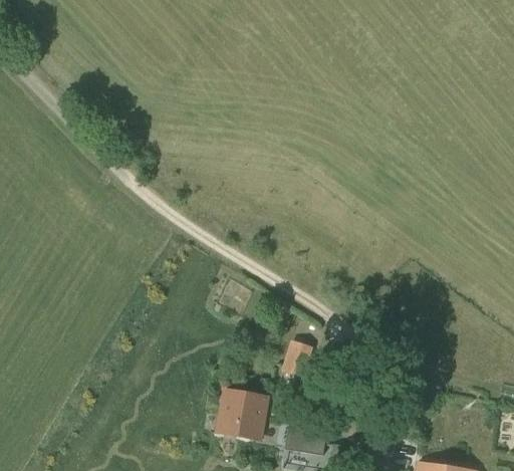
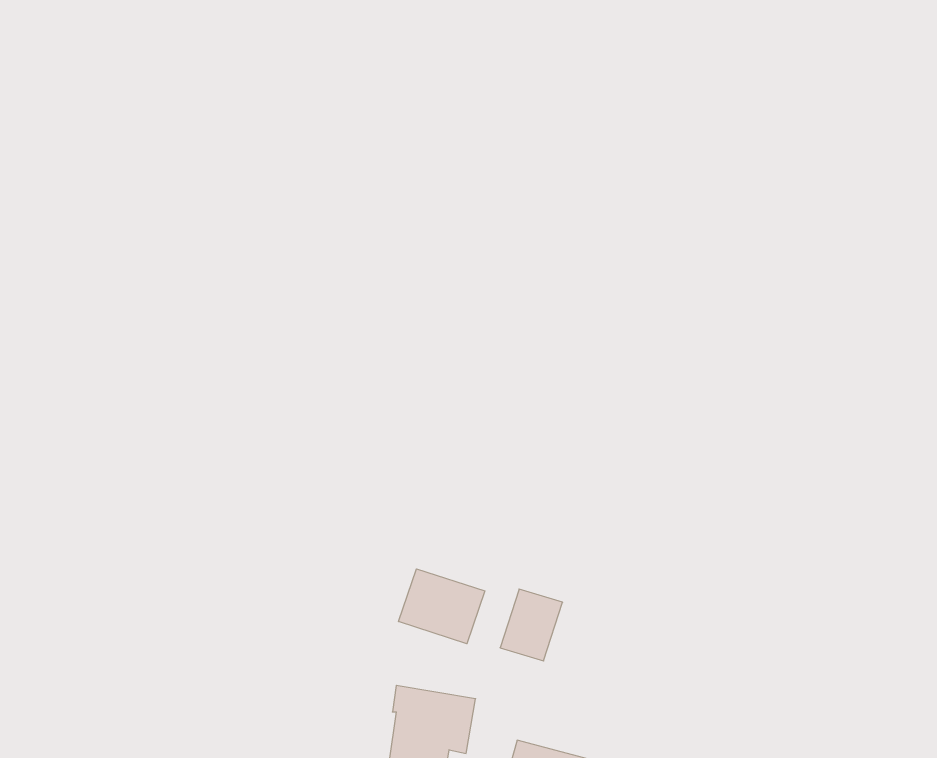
building: none -> [399,569,485,644]

